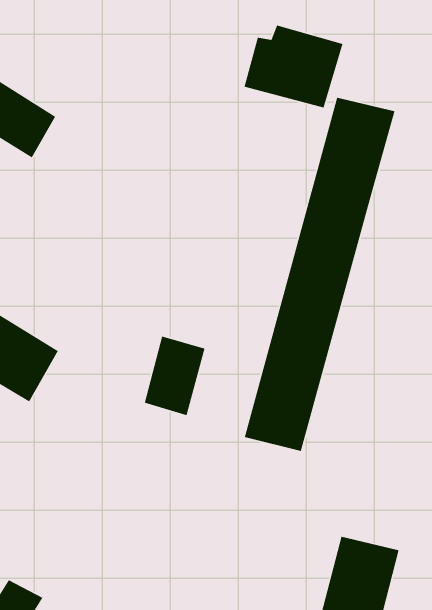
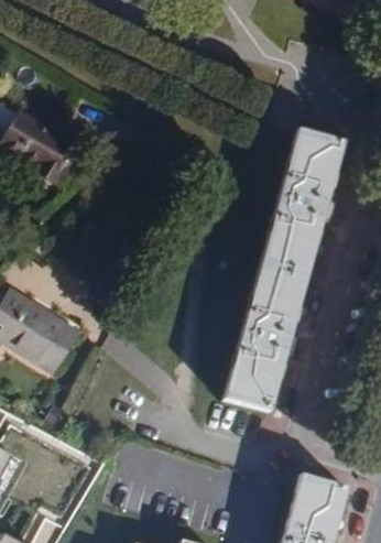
building: [243,25,343,109] -> none
building: [144,336,206,416] -> none

